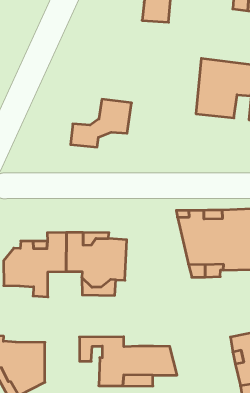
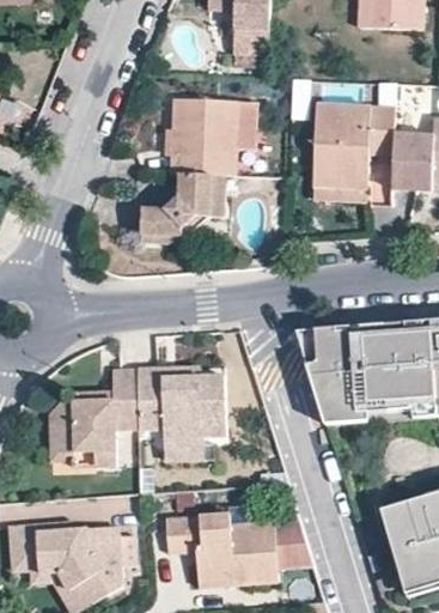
building: none -> [167,99,254,177]

